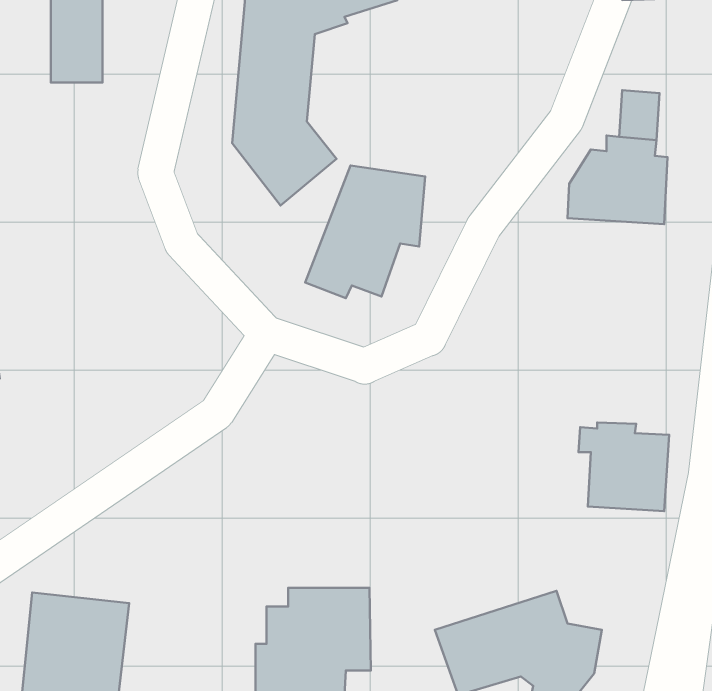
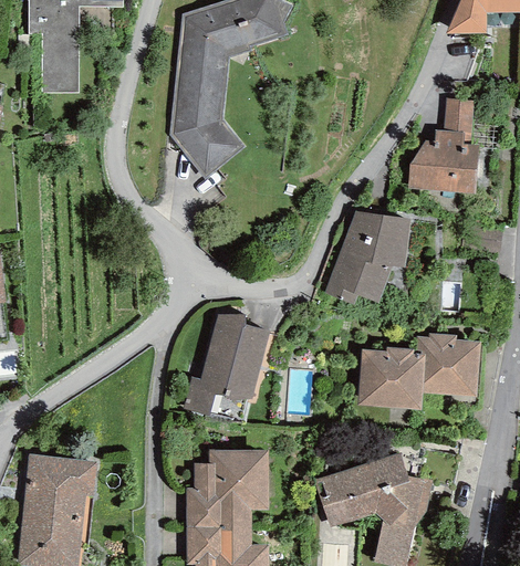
building: [305,165,425,298] -> [324,210,409,304]
building: none -> [184,314,270,421]
building: none -> [358,346,425,408]

